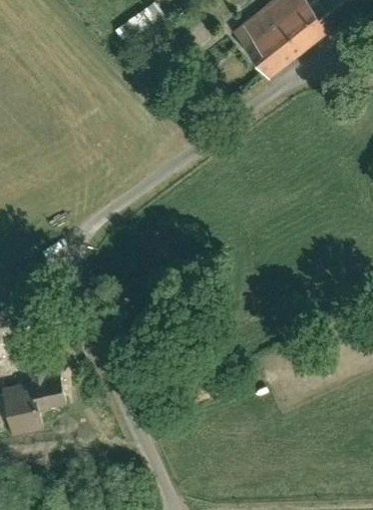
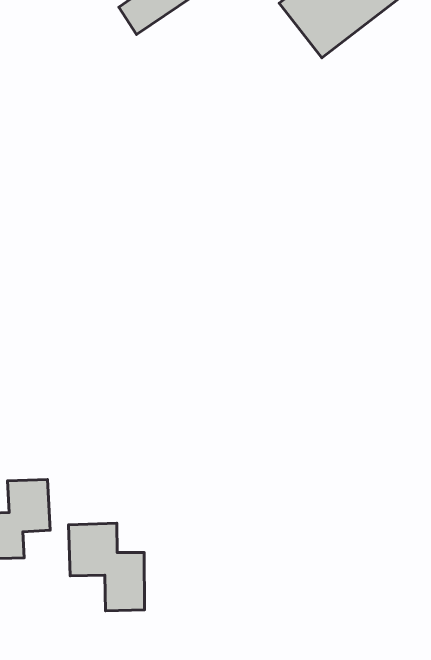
building: none -> [68,523,145,611]

